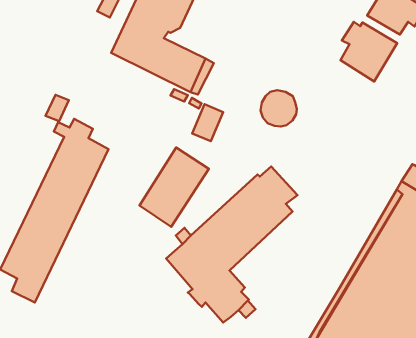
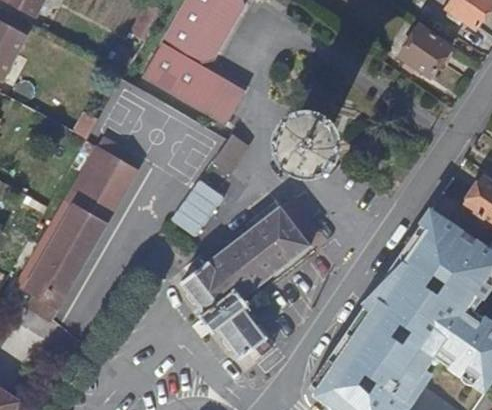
building: [340,22,397,81] -> none

